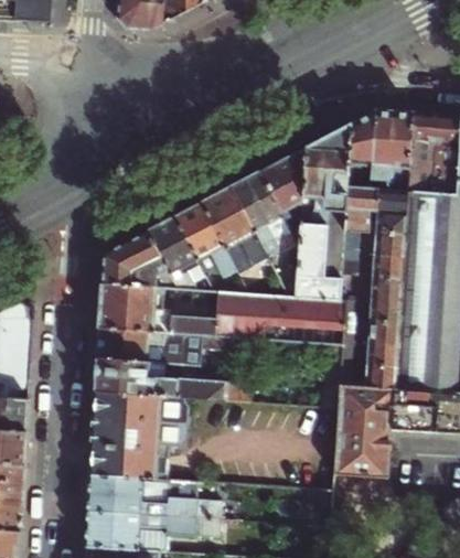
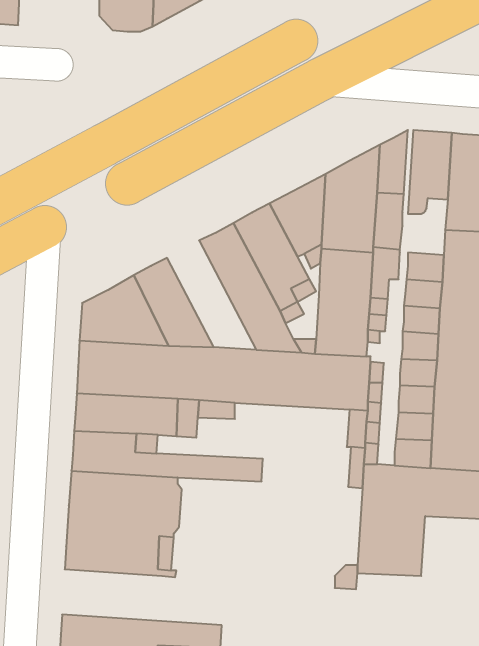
building: [373,165,407,213] -> none
building: [174,201,248,291] -> none
building: [87,473,221,519] -> none

